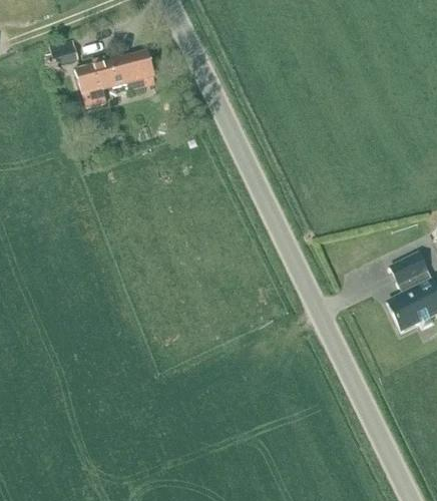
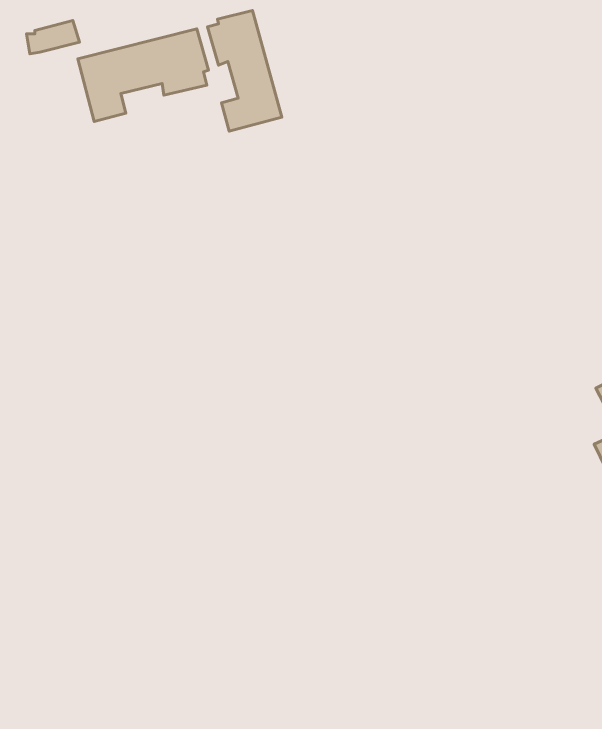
building: none -> [207,11,282,131]

